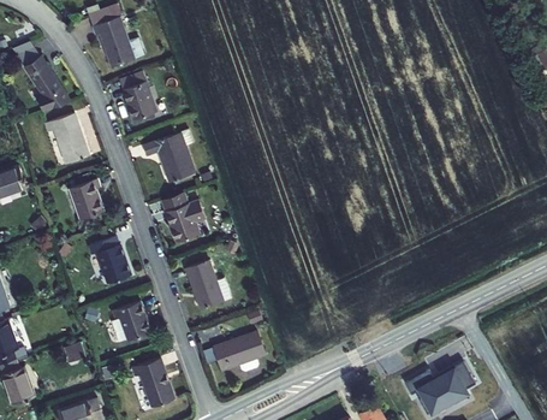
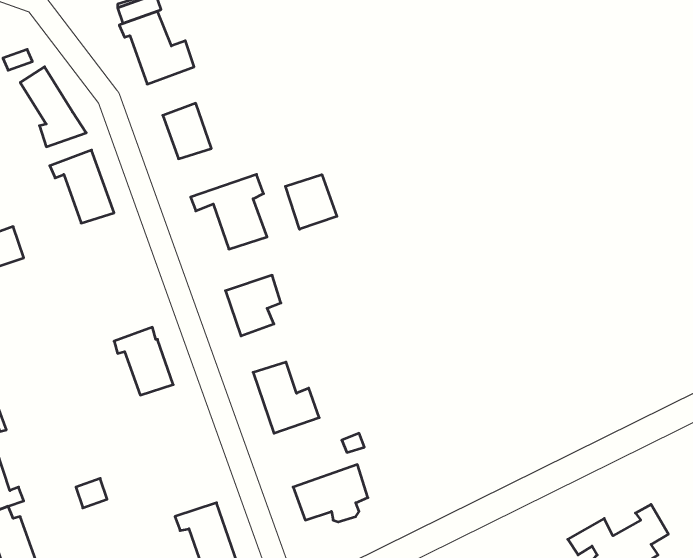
building: none -> [285,175,337,229]
building: [69,178,103,219] -> none
building: [111,301,150,343] -> none

